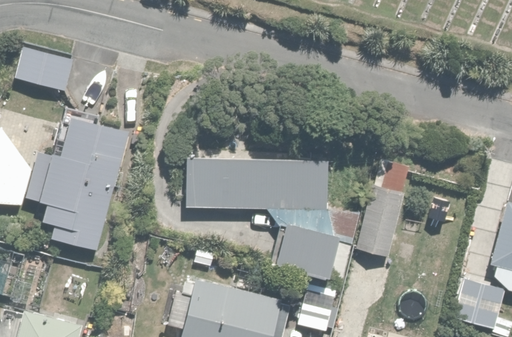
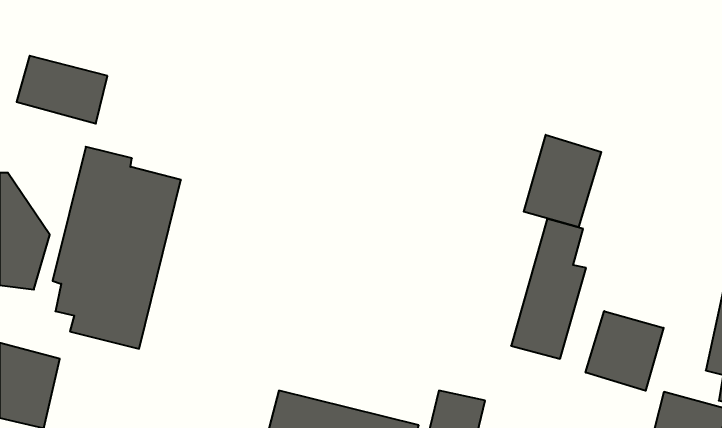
building: none -> [524,135,601,227]
building: [183,160,359,282] -> none
building: none -> [586,311,664,391]

